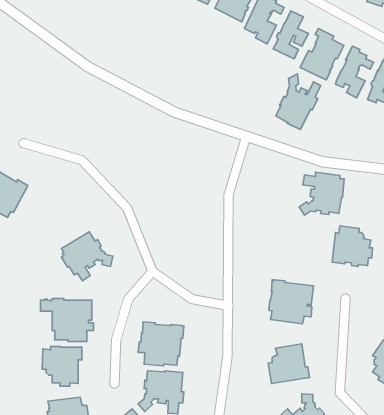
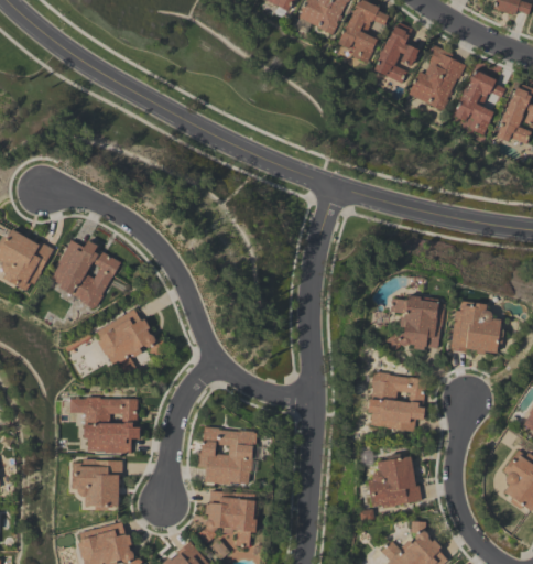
building: [276,74,321,130] -> none
building: [299,172,344,215] -> [385,295,444,351]
building: none -> [50,241,120,311]

